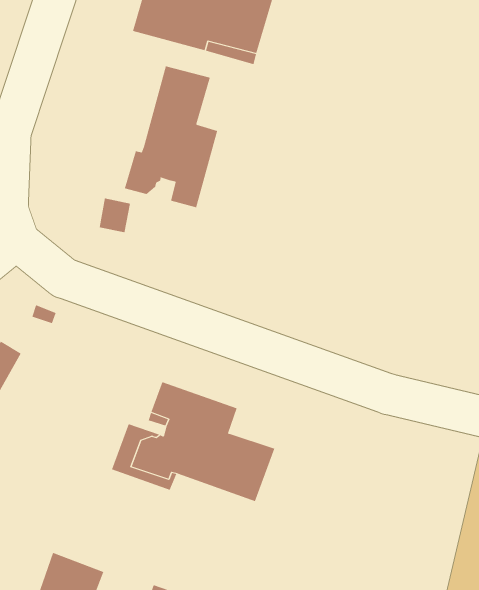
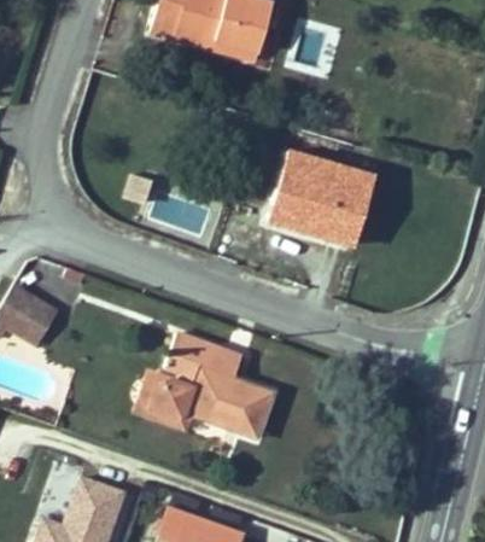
building: [124,65,218,208] -> none
building: none -> [269,151,375,244]

